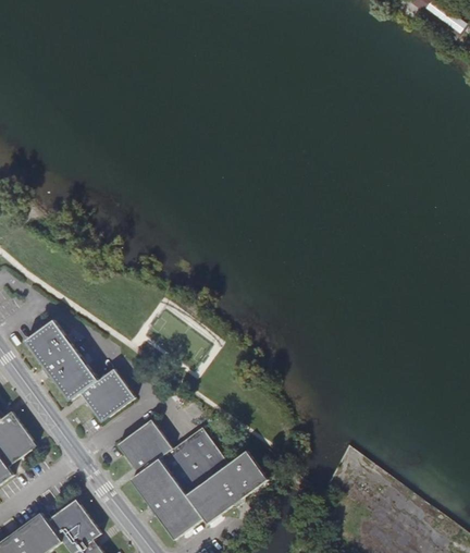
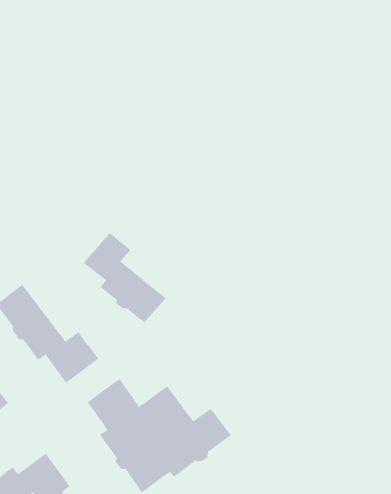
building: none -> [83,232,167,323]

